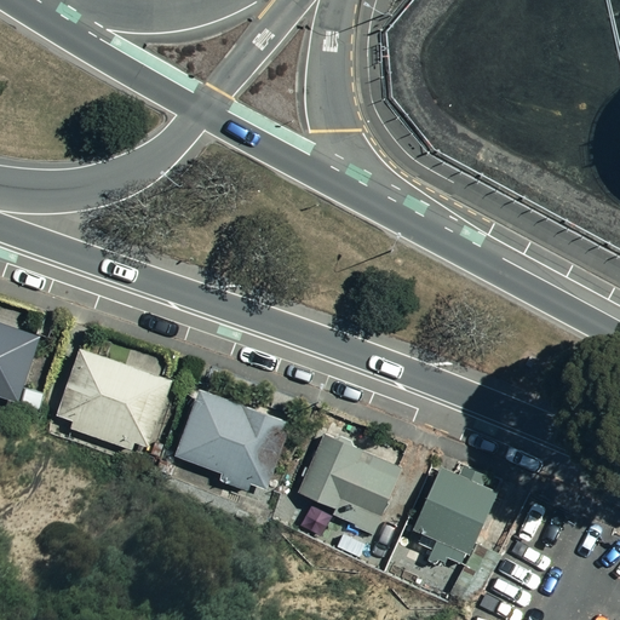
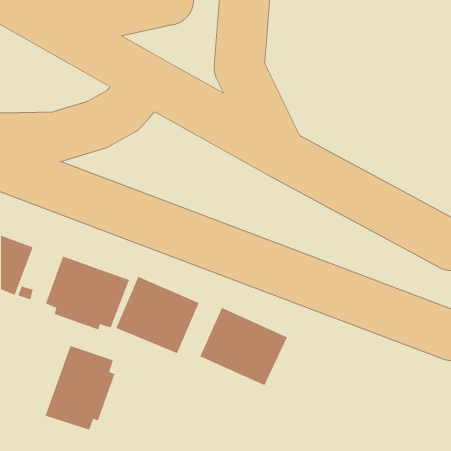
building: [409,471,500,569] -> none
building: none -> [45,345,115,431]

